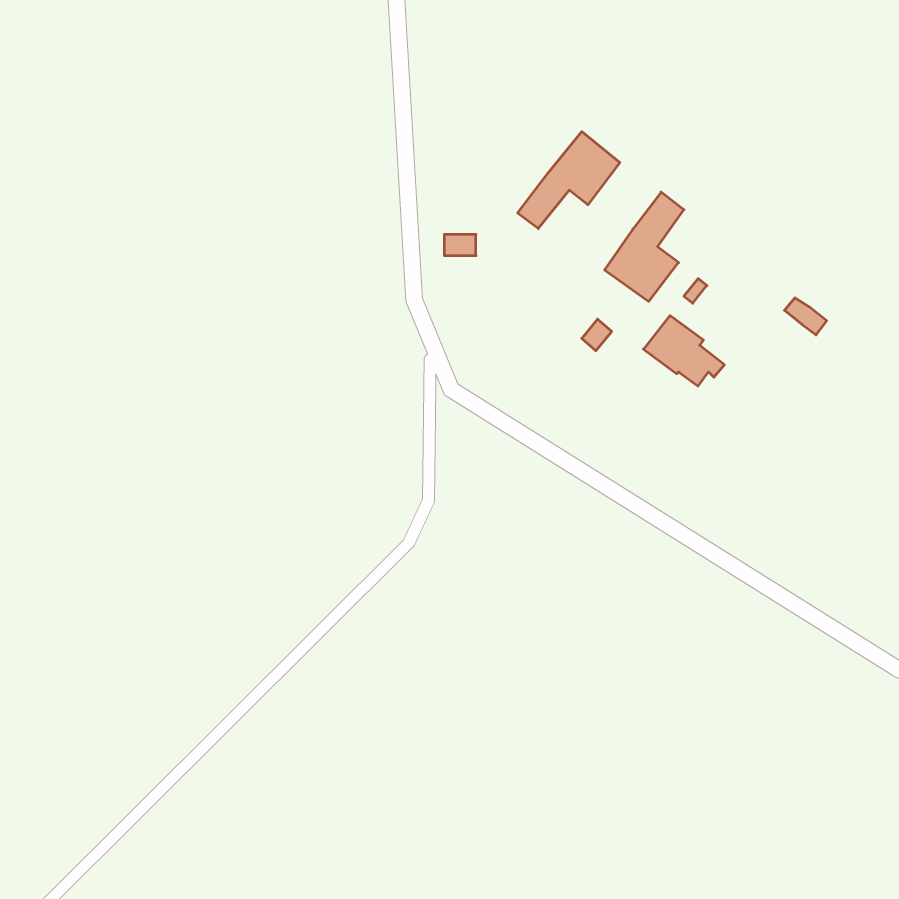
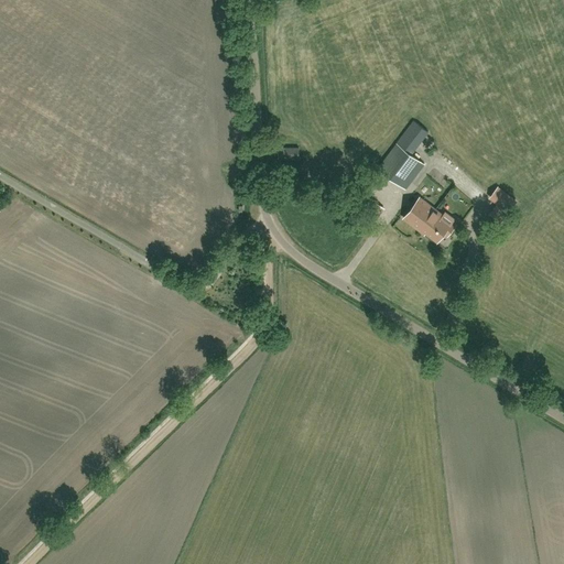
building: [518,132,620,229] -> none

